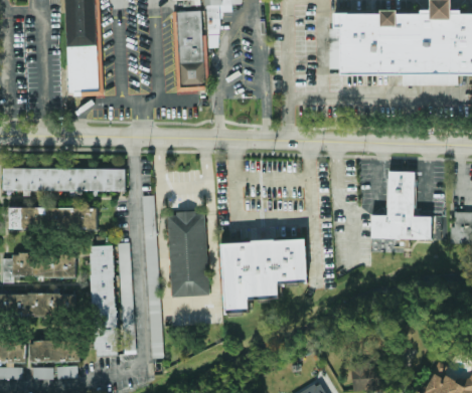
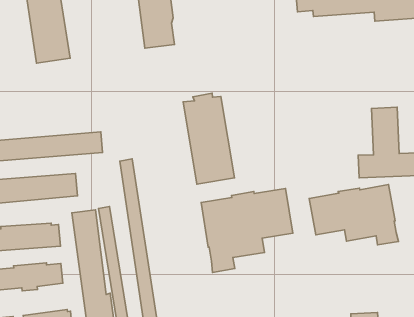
building: [165,210,208,298] -> [183,93,234,184]
building: none -> [309,185,399,245]

